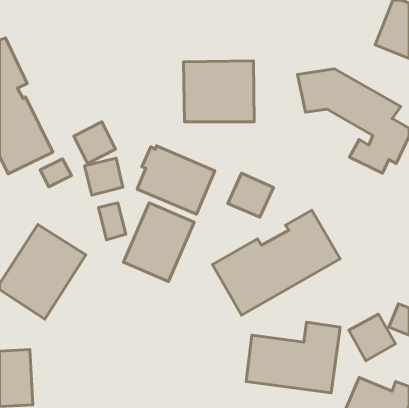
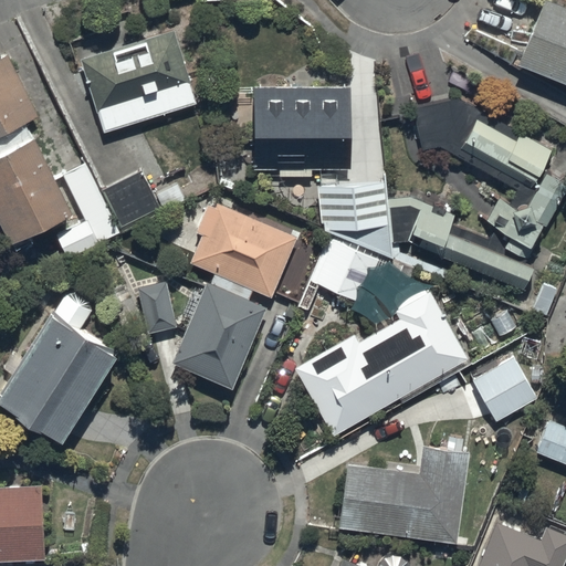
building: none -> [81,30,197,133]
building: none -> [316,179,532,289]
building: [85,158,123,195] -> none
building: [349,314,396,361] -> [472,358,536,422]

